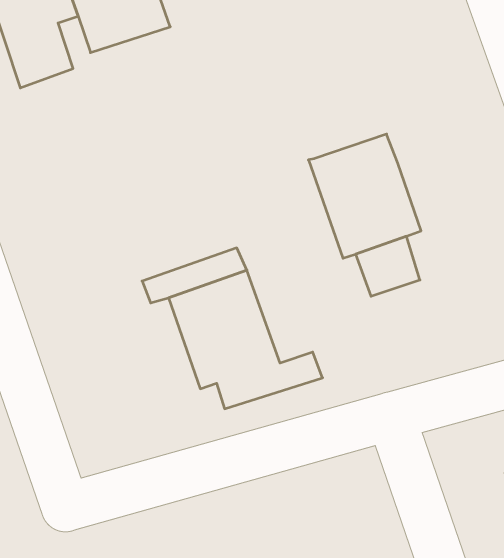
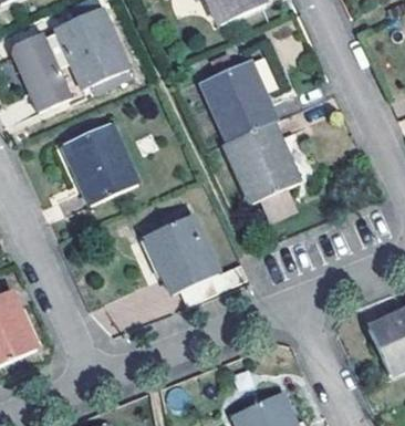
building: none -> [202,62,277,141]
building: none -> [65,124,137,204]

